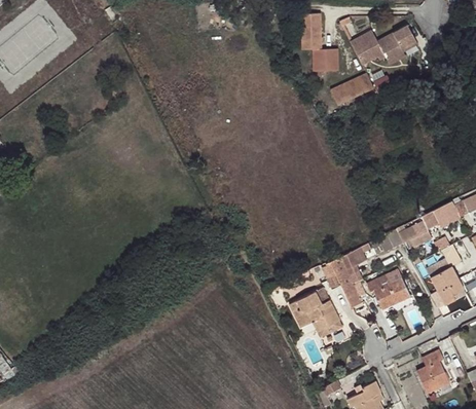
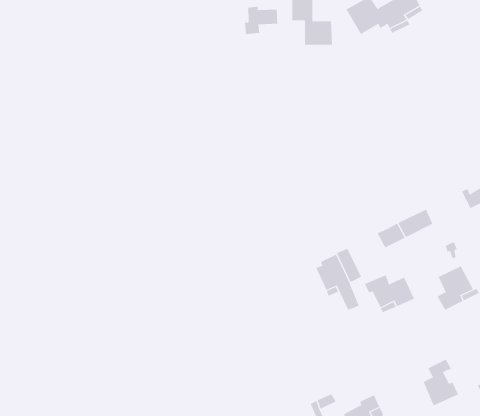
building: none -> [244,6,278,35]
building: [332,70,375,104] -> none
building: [433,201,461,226] -> none
building: [291,290,340,336] -> none

